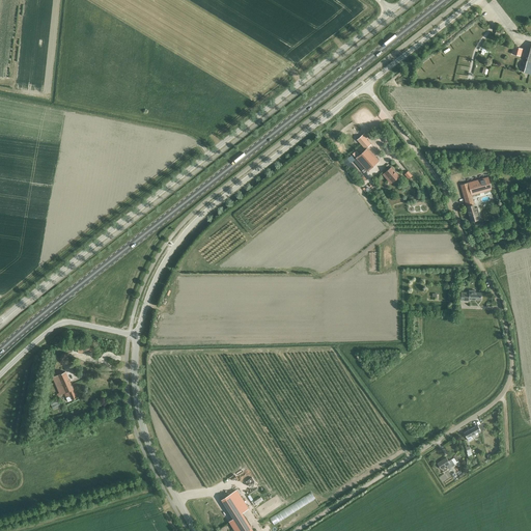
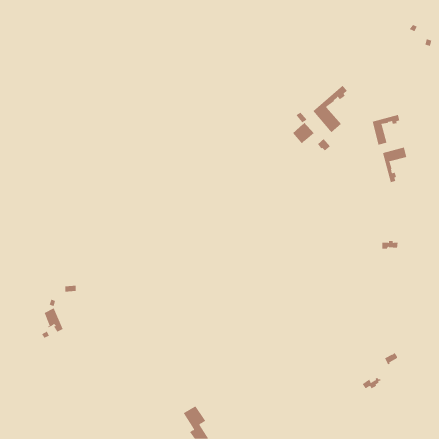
building: none -> [313,85,348,133]
building: none -> [372,114,400,146]

